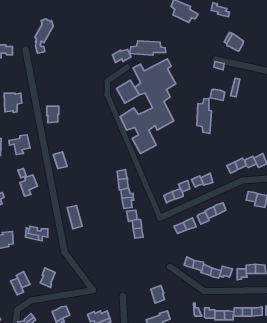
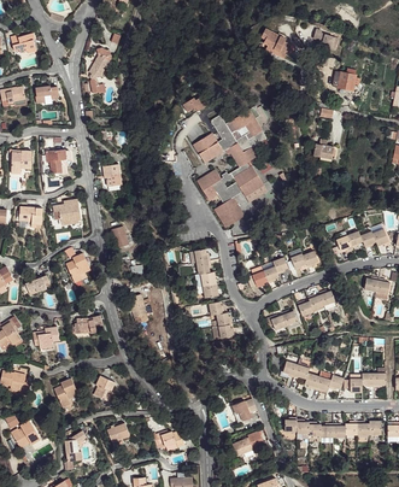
building: [130,41,166,55] -> none
building: [197,98,211,133] -> none

